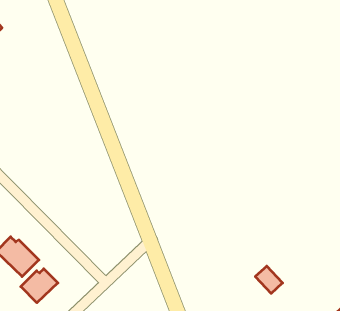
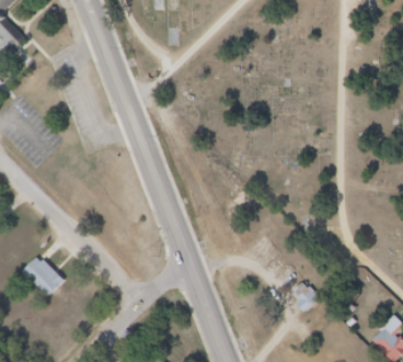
building: [21,269,58,303] -> none

